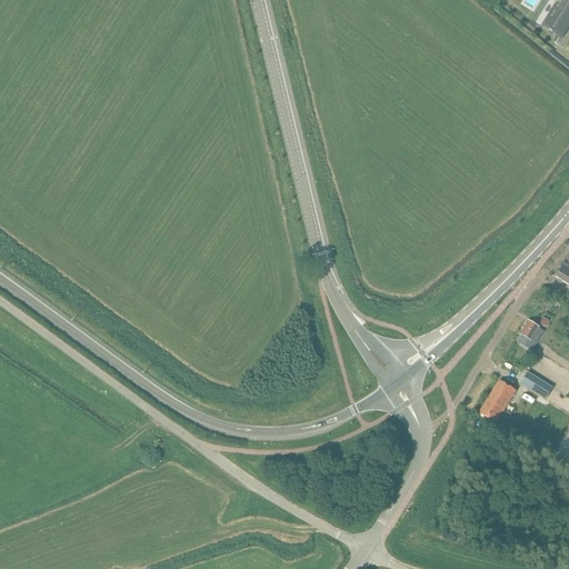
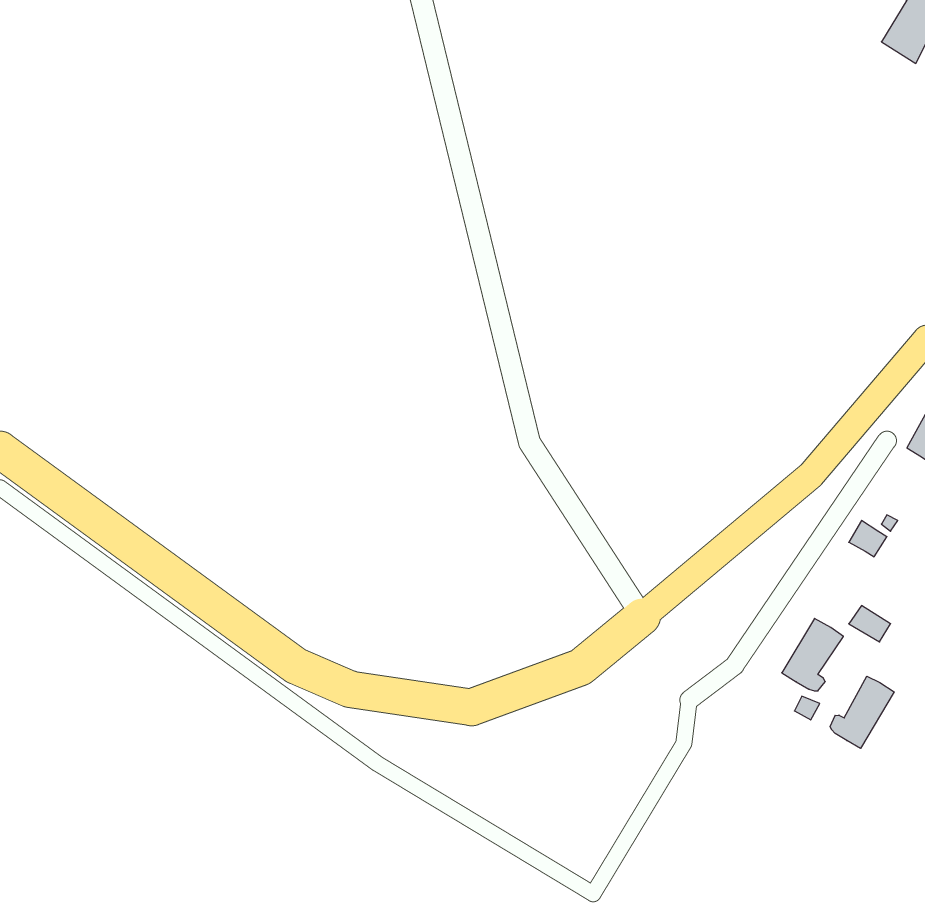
building: none -> [830,676,894,748]

